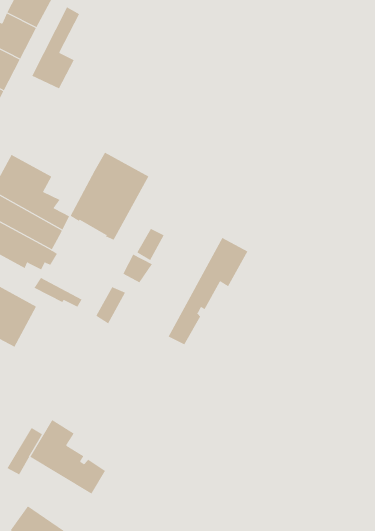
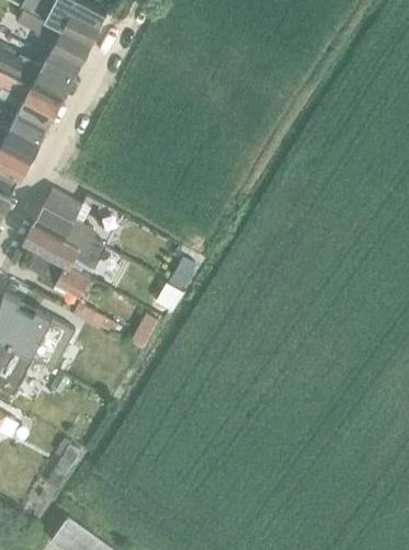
building: [32,7,80,89] -> none
building: [70,152,149,241] -> none
building: [168,237,248,345] -> none
building: [30,419,106,495] -> none

